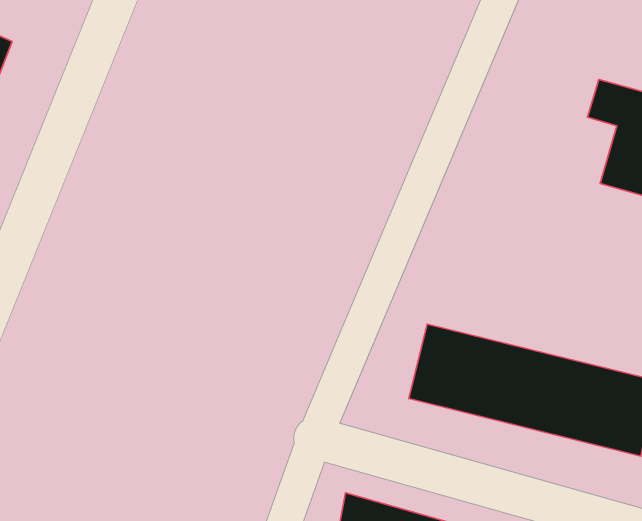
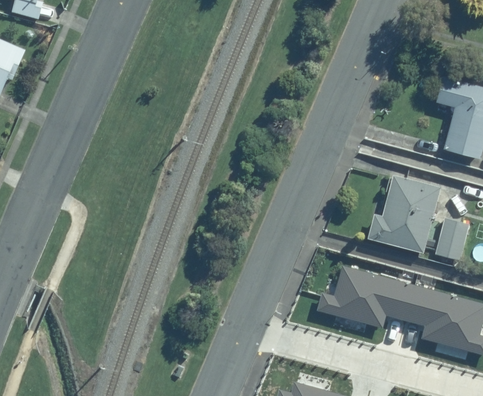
building: none -> [366,180,439,259]
building: none -> [434,225,467,266]

